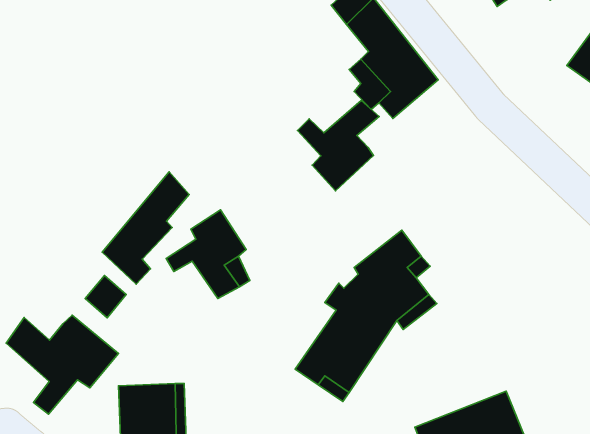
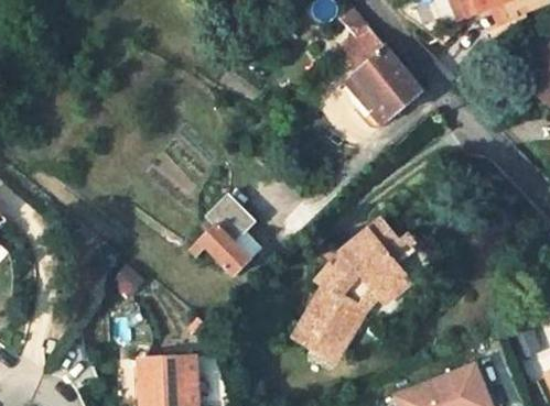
building: [297,101,379,191] -> none
building: [102,172,189,284] -> none
building: [6,315,119,414] -> none

